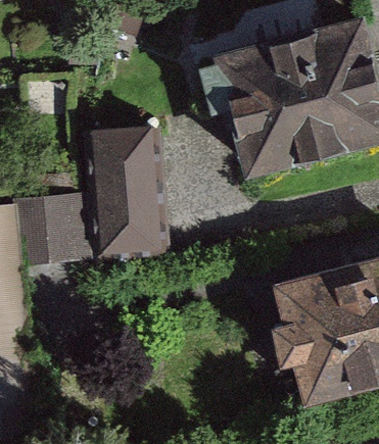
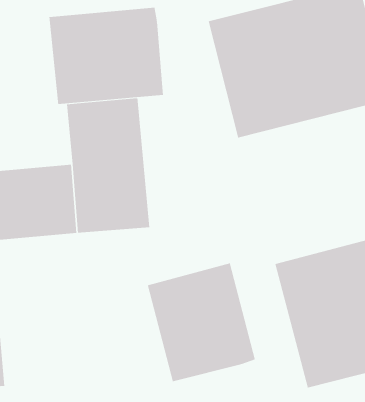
building: none -> [49,7,164,105]
building: none -> [147,262,255,382]

